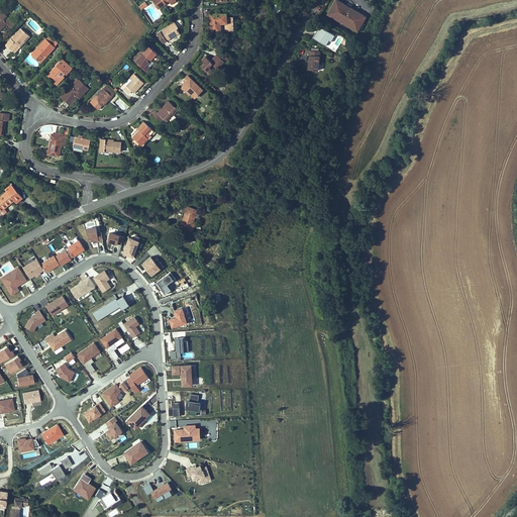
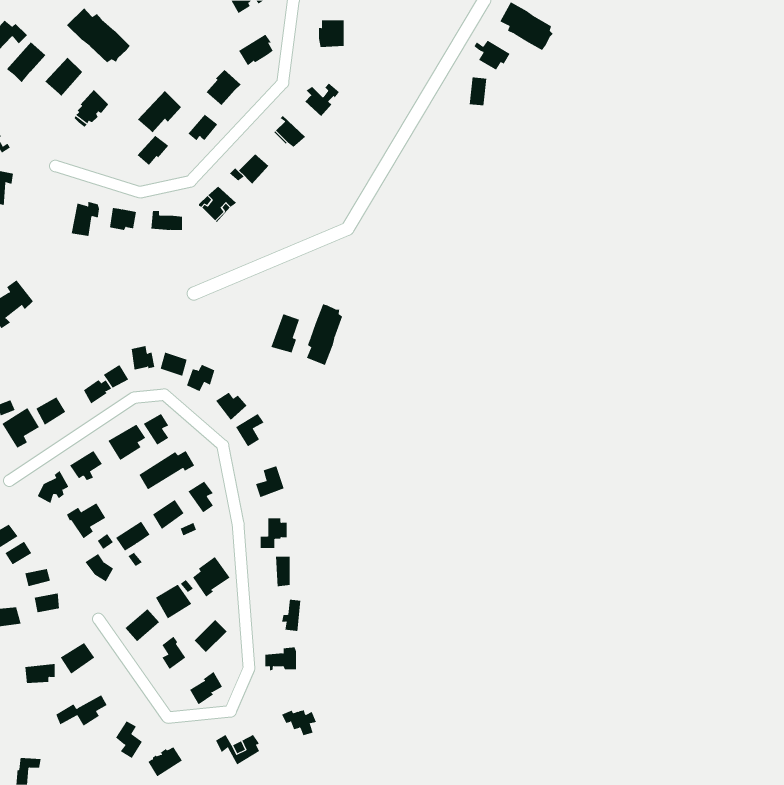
building: none -> [66,8,131,63]
building: [59,79,88,107] -> [137,90,182,133]
building: none -> [306,304,343,366]

